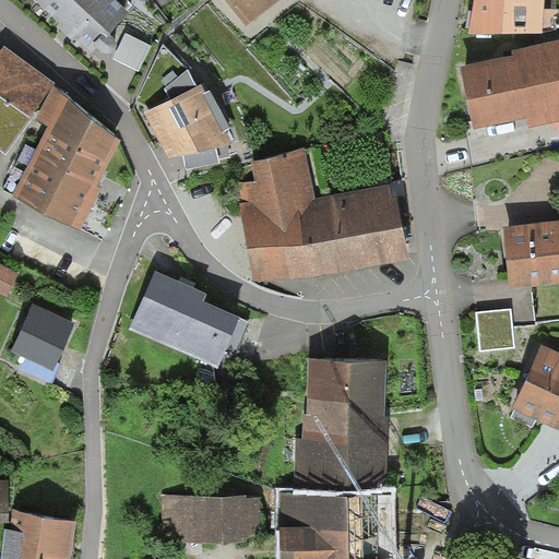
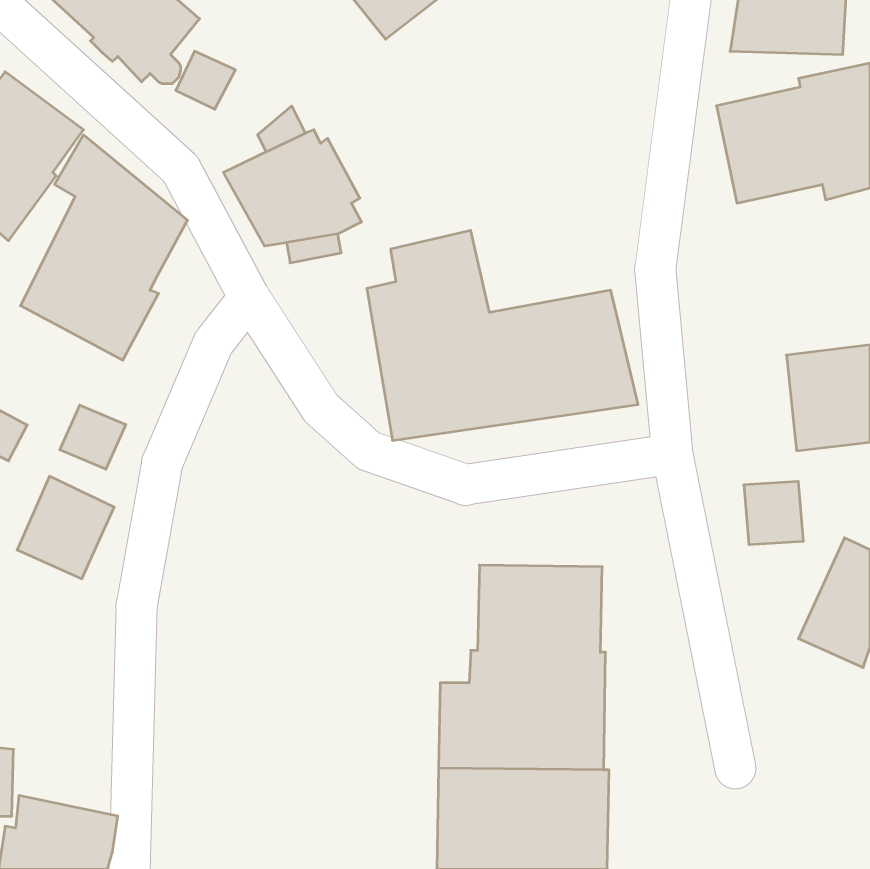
building: none -> [60,405,126,469]
building: [133,270,238,364] -> none
building: [160,493,260,542] -> none

